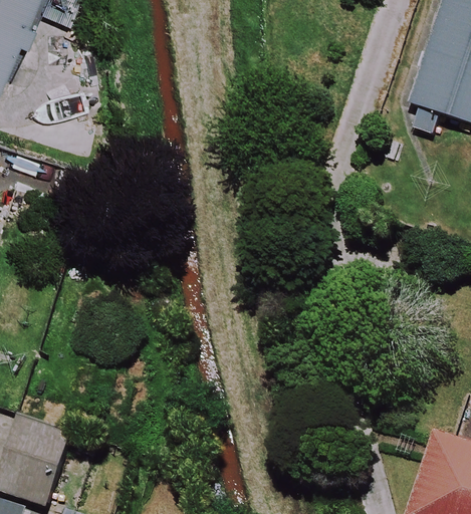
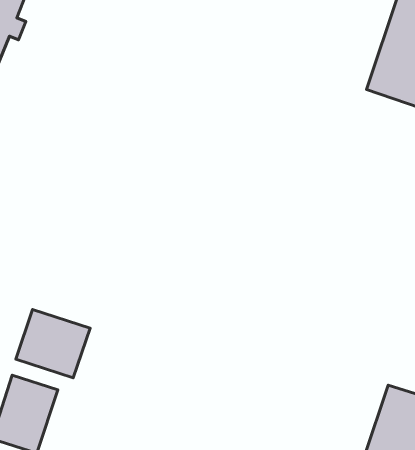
building: none -> [16,309,90,378]

